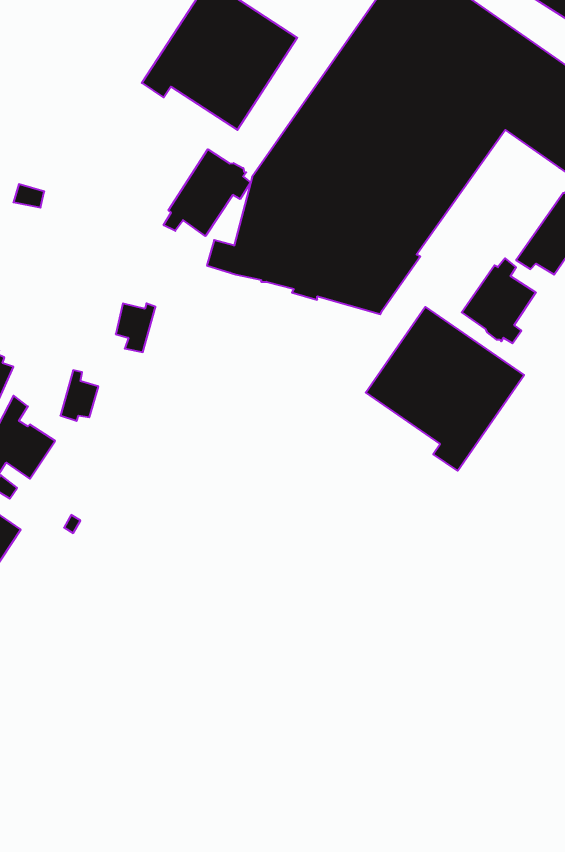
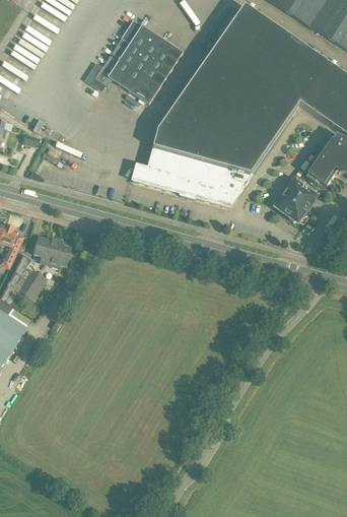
building: [164,149,251,236] -> none
building: [116,303,156,352] -> [34,236,57,263]
building: [366,307,524,471] -> none

